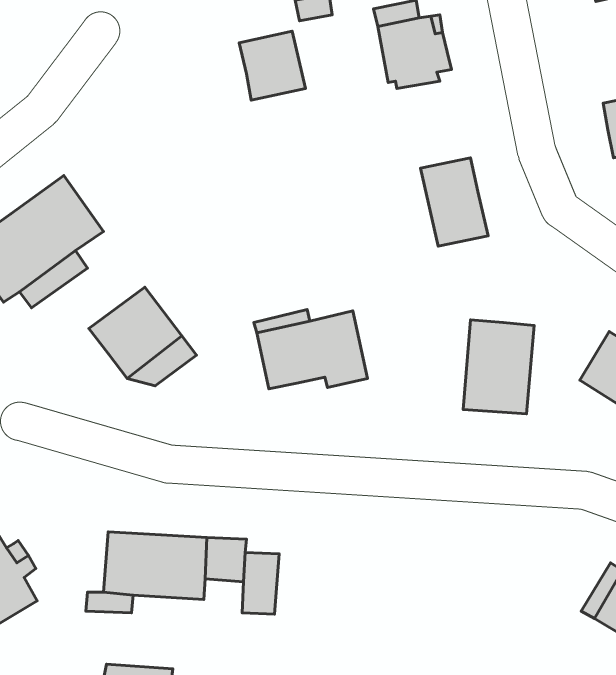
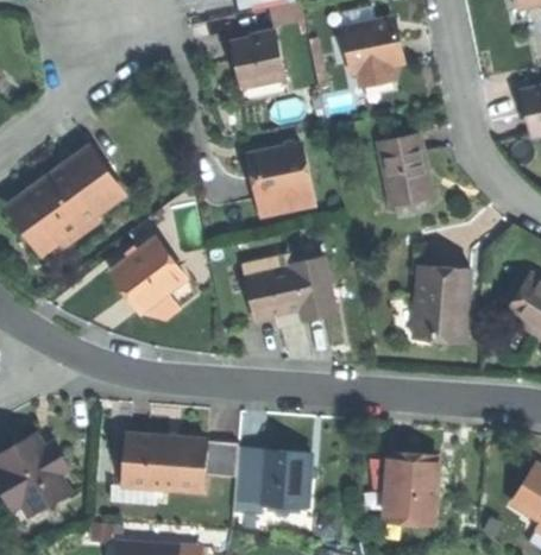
building: none -> [253,144,308,198]
building: none -> [259,449,309,504]
building: none -> [383,456,436,522]

